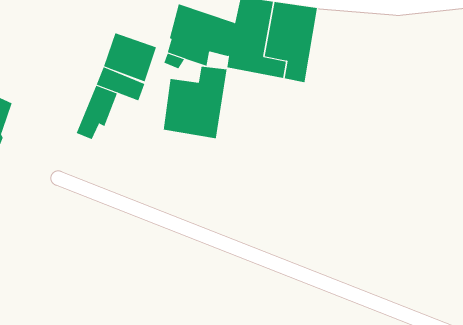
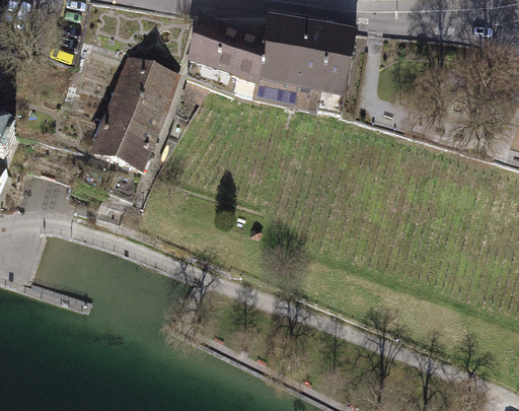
building: [163,66,227,139] -> none
building: none -> [119,118,156,163]

